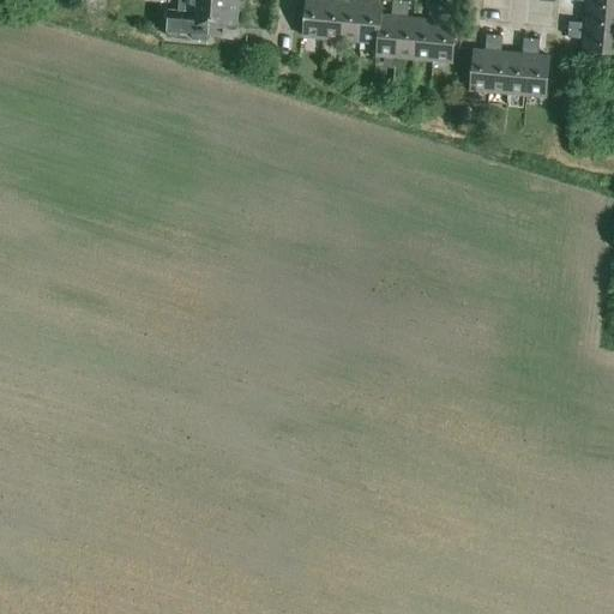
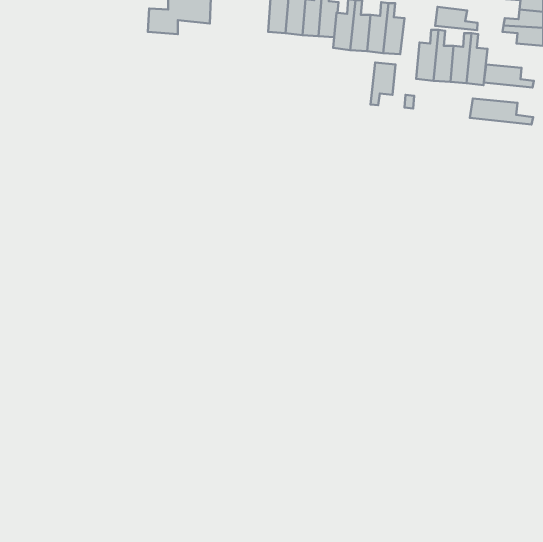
building: none -> [435,7,477,30]
building: none -> [371,63,395,105]
building: none -> [484,65,534,88]
building: none -> [470,98,533,124]

